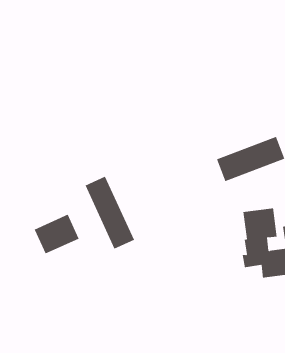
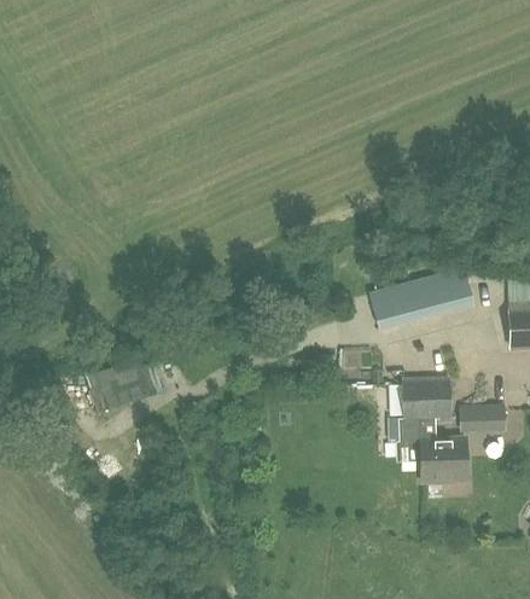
building: [85,176,135,249] -> none

